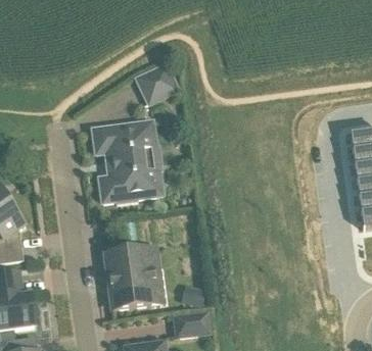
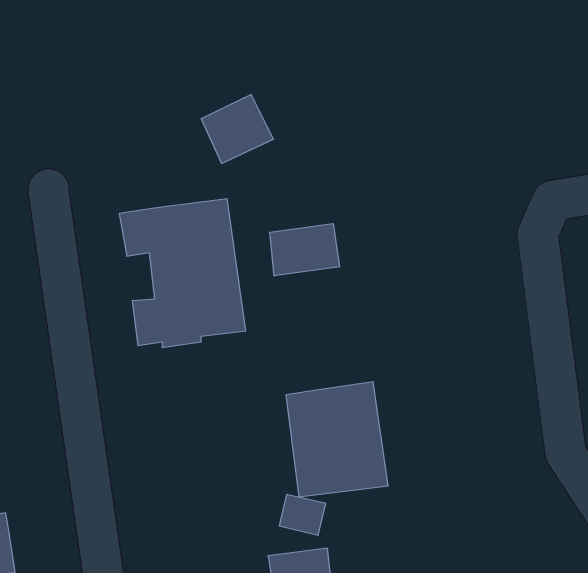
building: none -> [270,224,340,276]
building: [106,246,162,309] -> [286,382,388,497]

